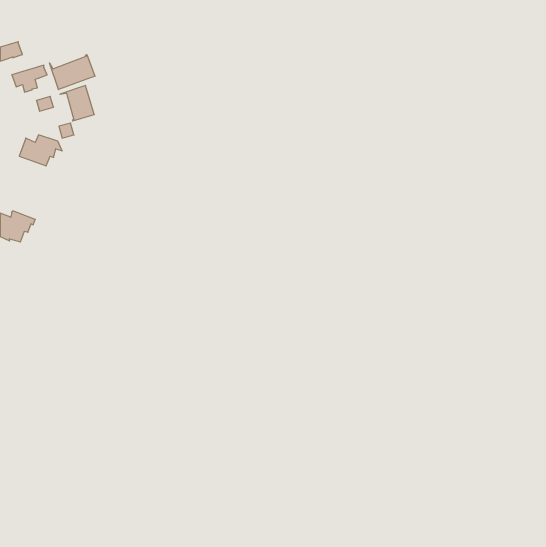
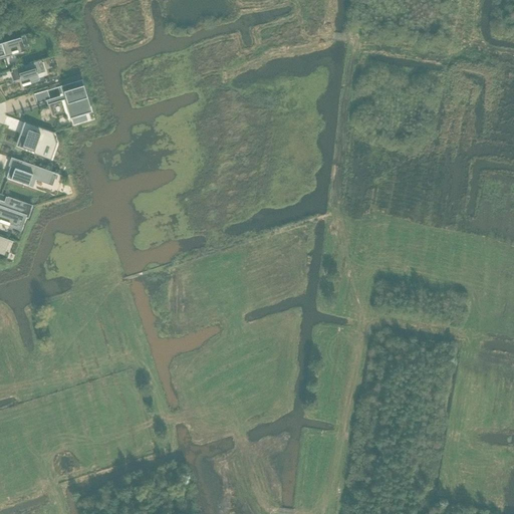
building: [50,55,95,90] -> none
building: none -> [7,161,54,186]

